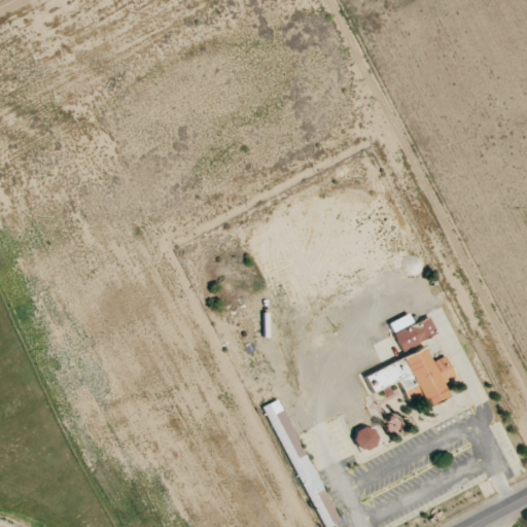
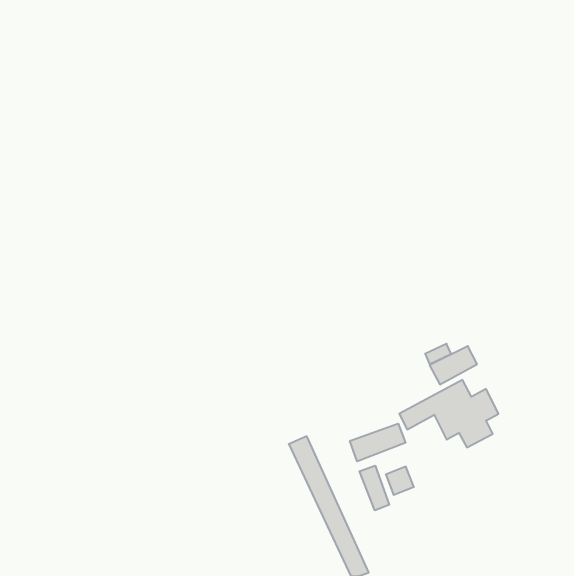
building: none -> [350,424,406,461]
building: none -> [360,466,389,510]

